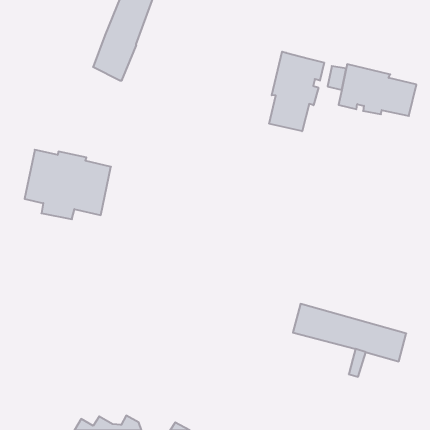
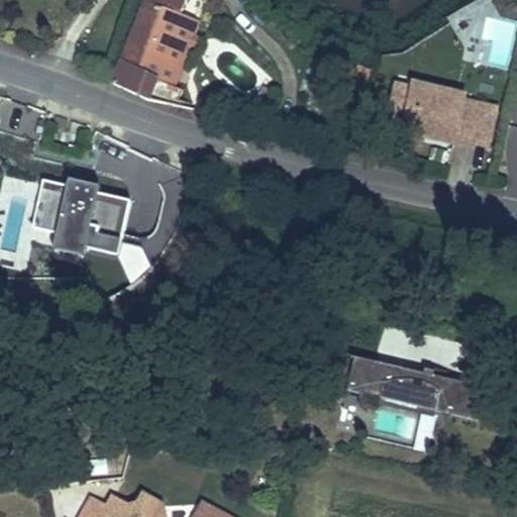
building: none -> [145,10,197,104]
building: [269,52,324,131] -> none

